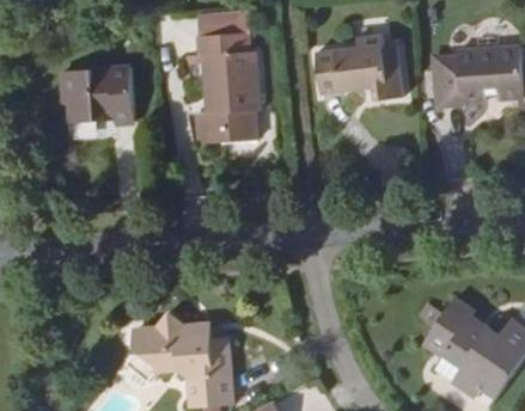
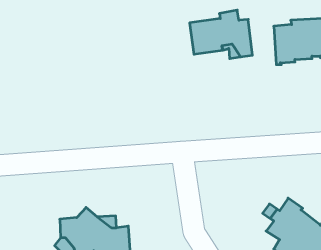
building: [196,31,261,143] -> none
building: [60,65,136,127] -> none

